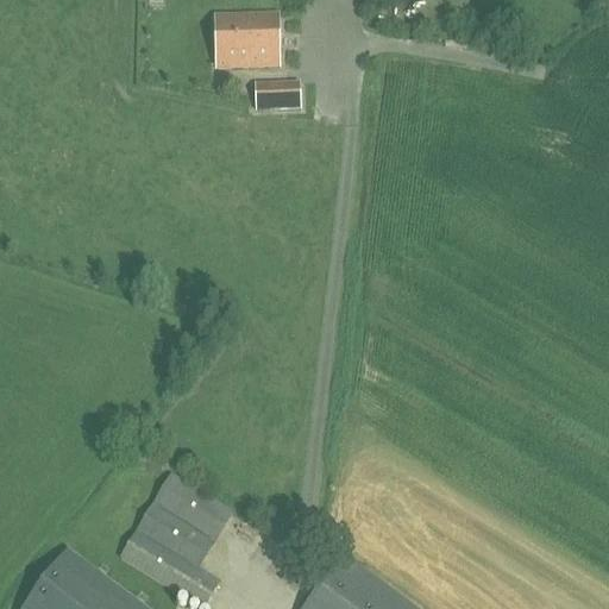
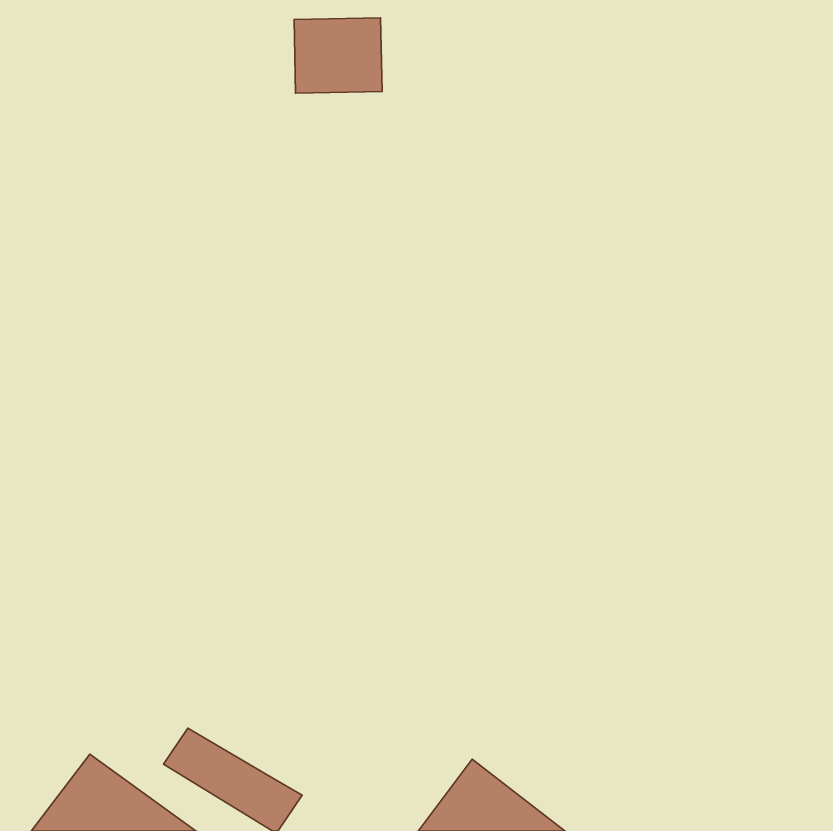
building: [271,81,300,111] -> none
building: [137,472,233,566] -> none

